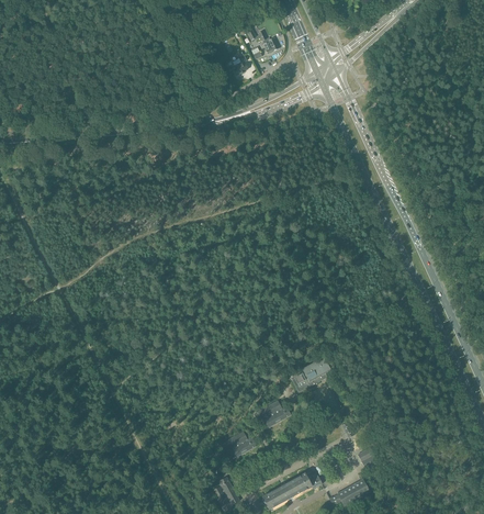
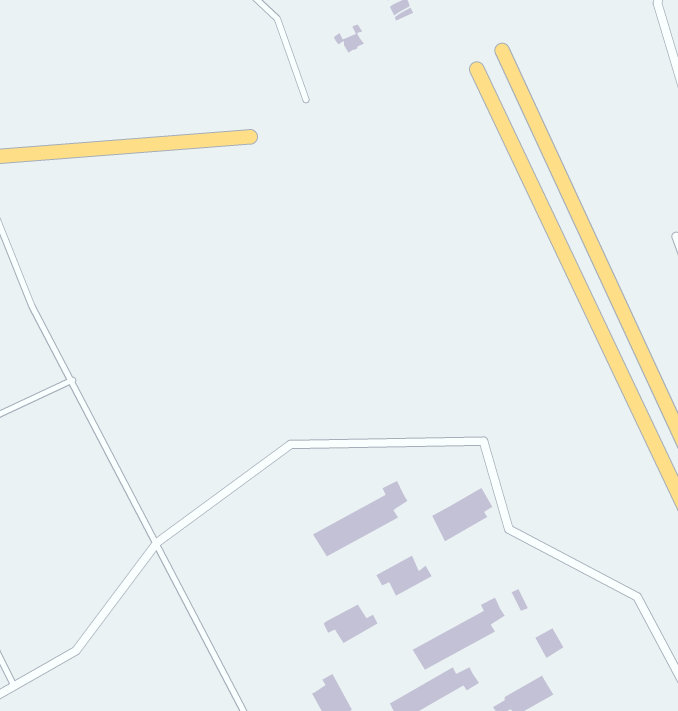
building: none -> [312,480,409,558]
building: none -> [411,597,506,671]

